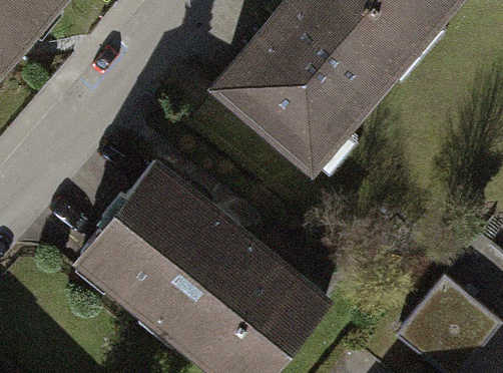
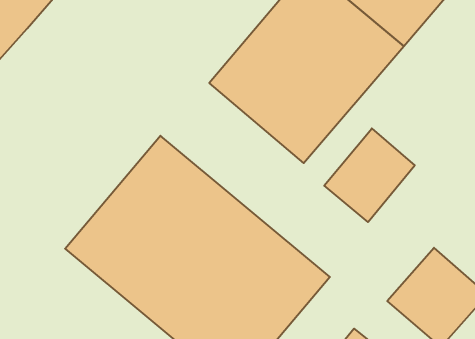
building: none -> [324,128,415,222]

